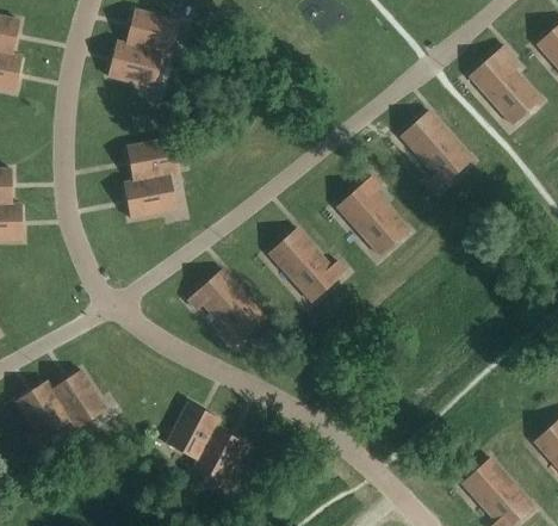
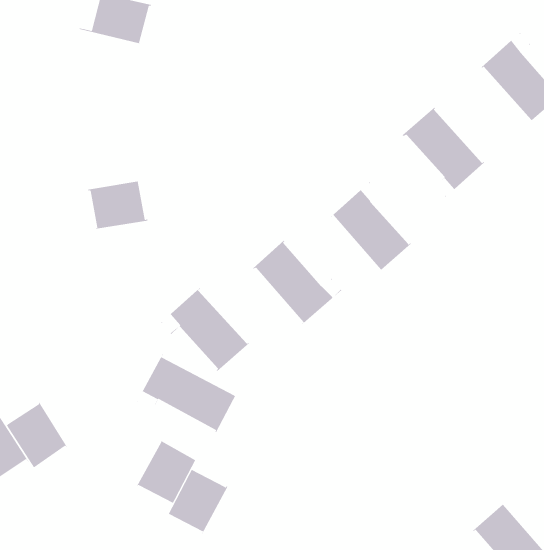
building: [107,42,170,87] -> none
building: [123,137,179,182] -> none
building: none -> [136,354,237,433]

